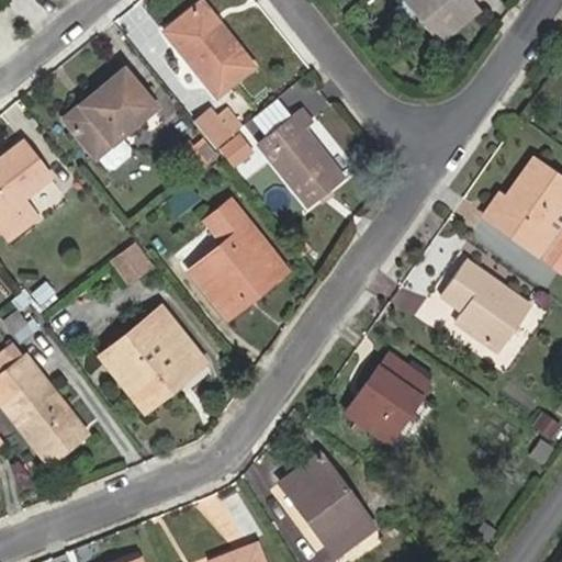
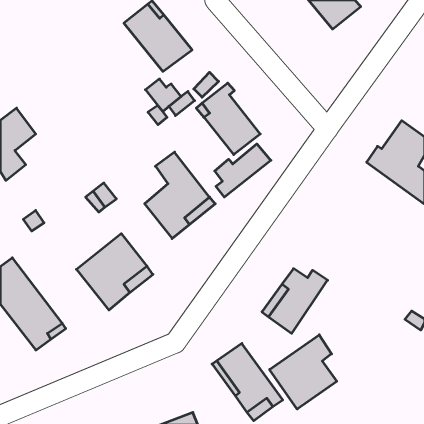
building: [65,69,156,157] -> none
building: none -> [215,144,271,197]
building: [441,261,529,350] -> none
building: none -> [270,335,337,409]

